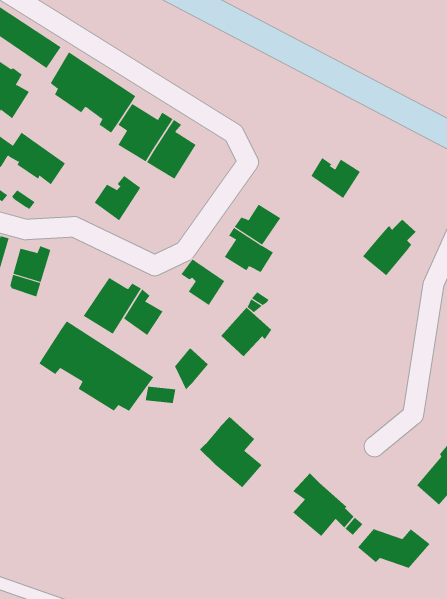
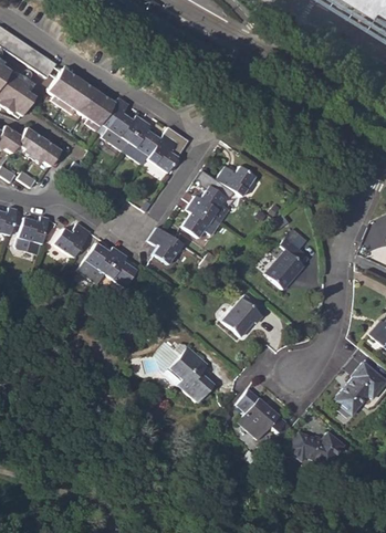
building: none -> [149,132,179,170]
building: [310,157,361,199] -> [217,163,255,195]
building: [94,175,141,221] -> [55,220,92,255]
building: [362,219,417,276] -> [263,244,305,289]
building: [221,307,272,357] -> [221,297,261,336]
building: [38,320,154,412] -> none
building: [174,347,209,390] -> [154,341,180,374]

